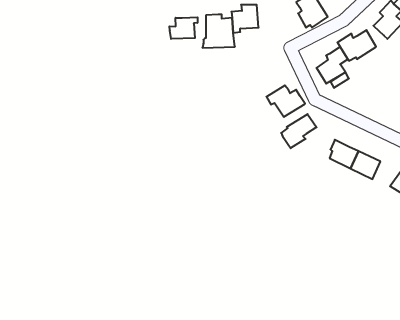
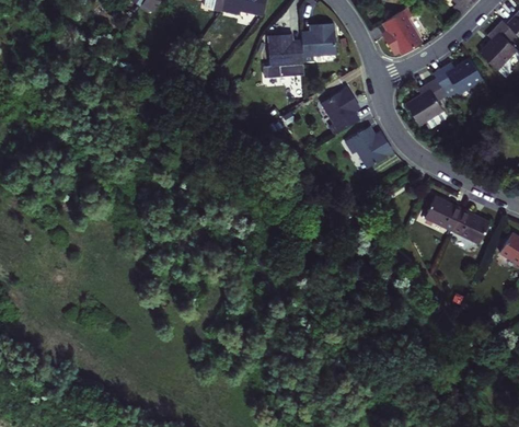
building: [169,17,198,39] -> none
building: none -> [323,89,360,134]
building: [281,114,317,148] -> none

